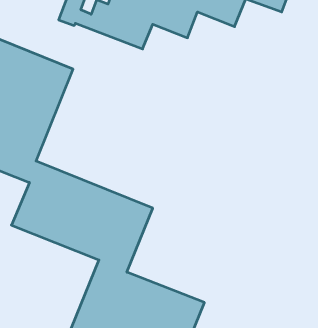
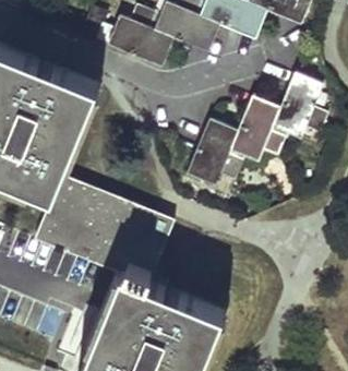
building: none -> [187,73,327,184]

